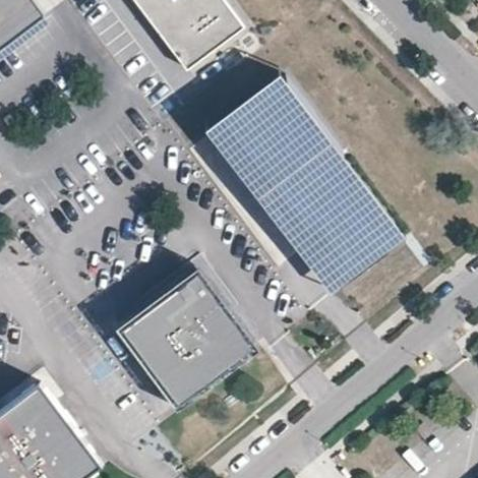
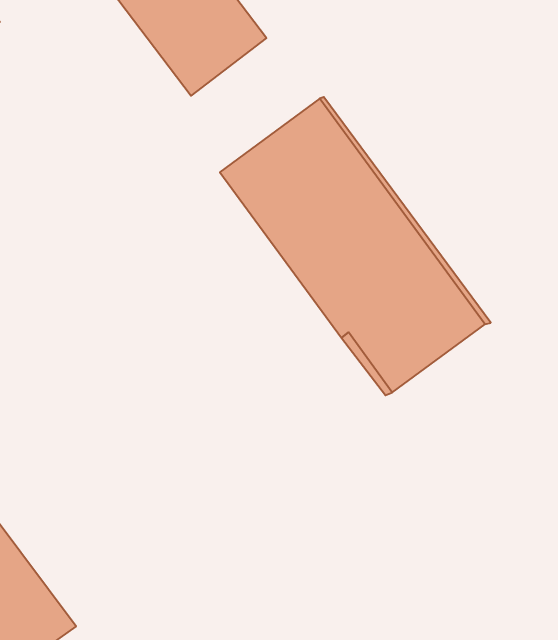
building: [114,263,257,407] -> none

